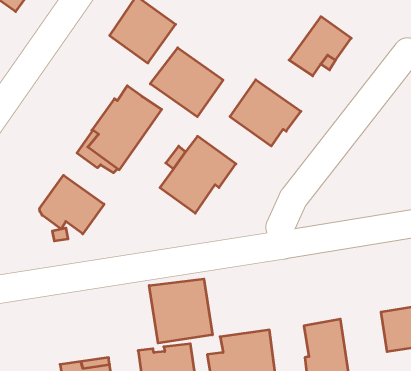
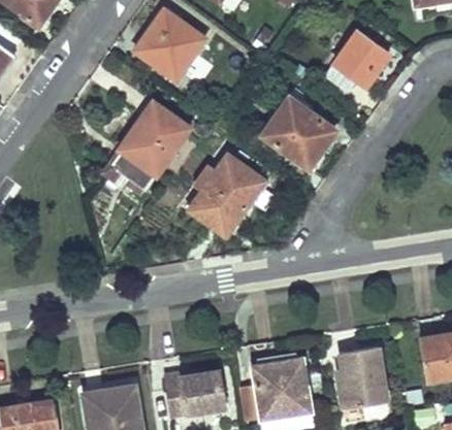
building: [150,48,223,117] -> none
building: [40,175,104,234] -> none
building: [149,279,212,343] -> none

